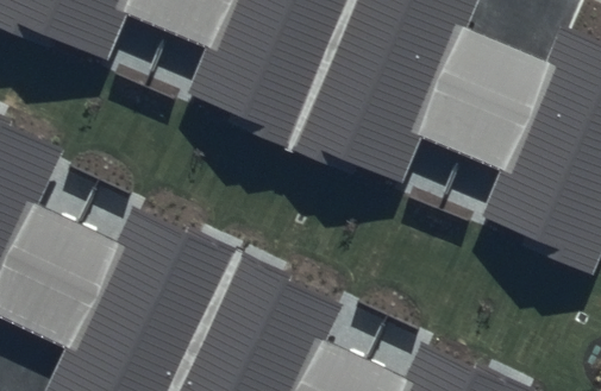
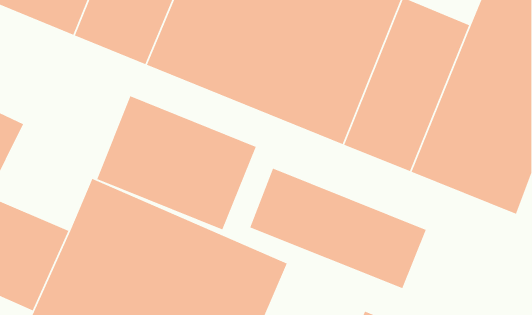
building: none -> [96,95,257,230]
building: none -> [249,168,427,289]

